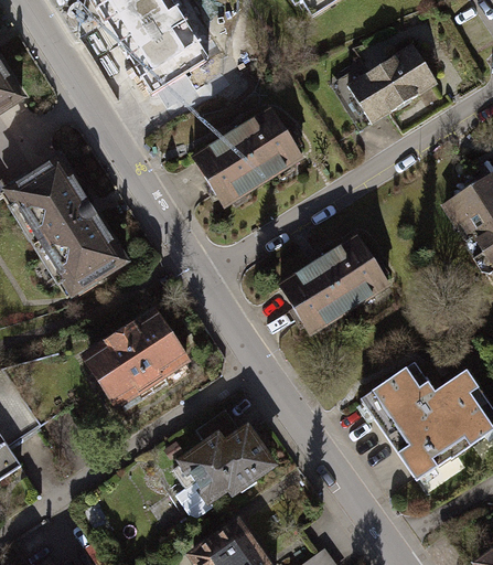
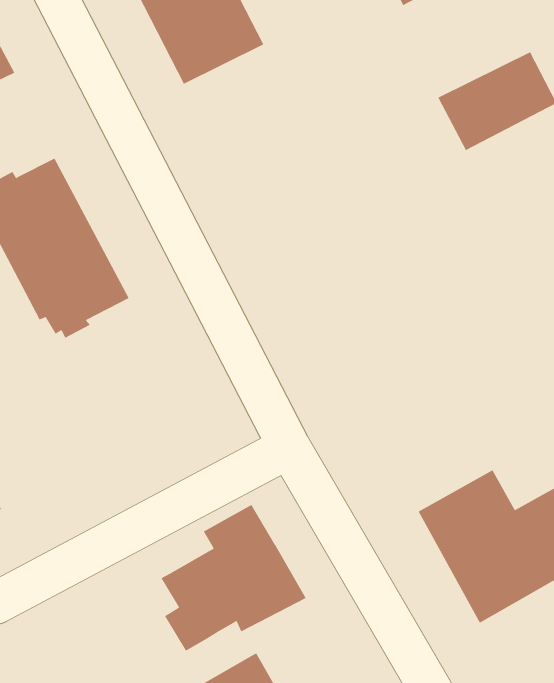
building: [191,107,300,204] -> none
building: [279,235,387,332] -> none
building: [86,312,196,415] -> none

